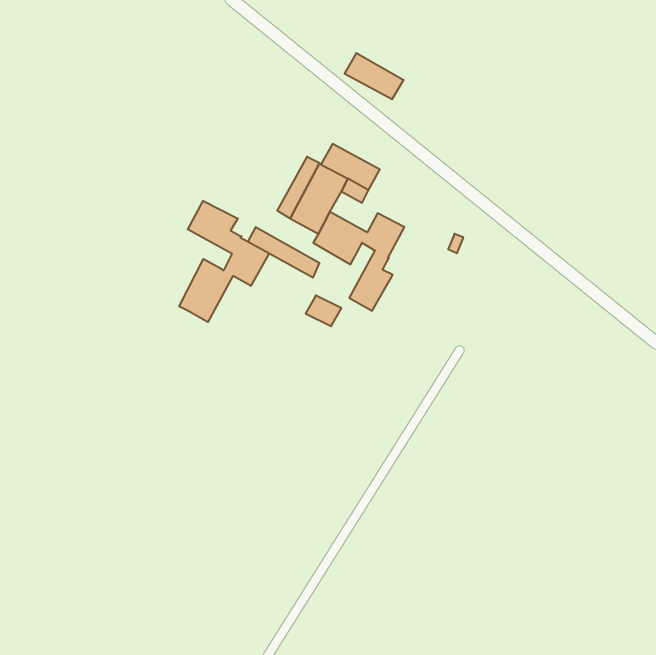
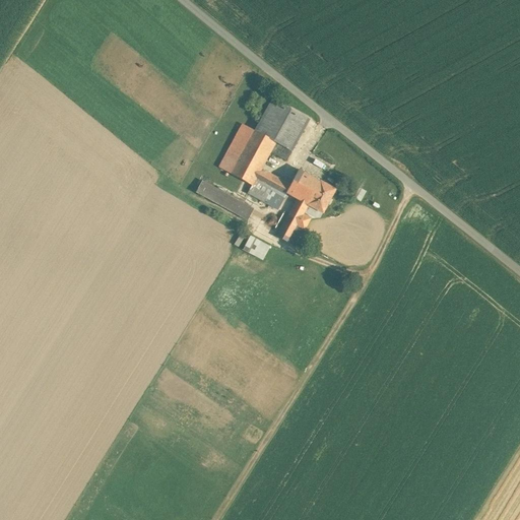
building: [345,53,404,99] -> [263,98,310,134]
building: [179,201,269,322] -> none
building: none -> [307,180,335,212]

